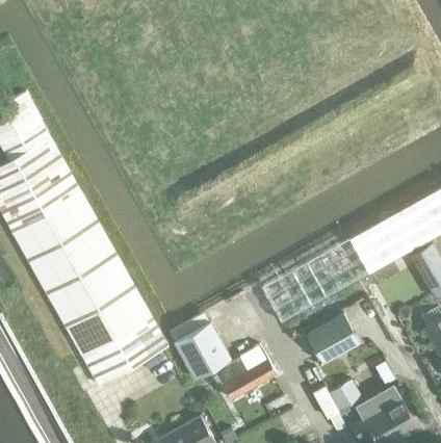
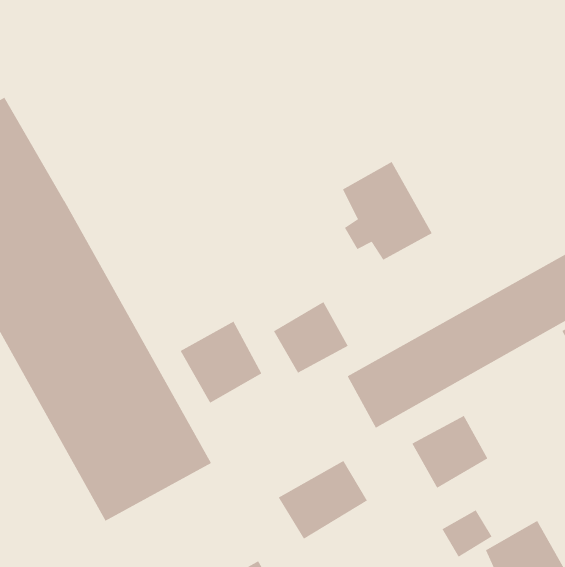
building: none -> [342,161,432,260]
building: none -> [273,301,349,373]
building: [174,322,231,380] -> [180,321,262,403]

